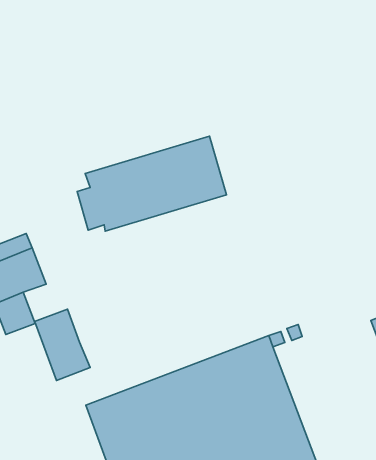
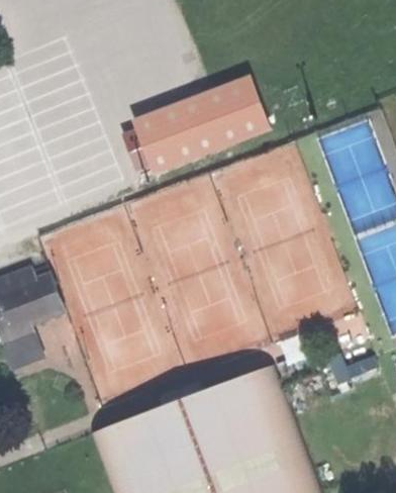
building: [77,136,227,231] -> [120,76,270,171]
building: [34,309,90,380] -> none

